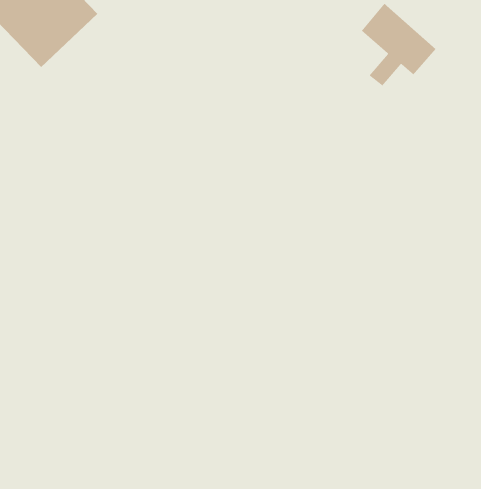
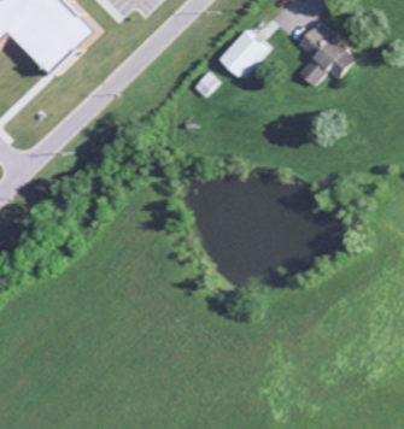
building: none -> [217,28,268,80]

